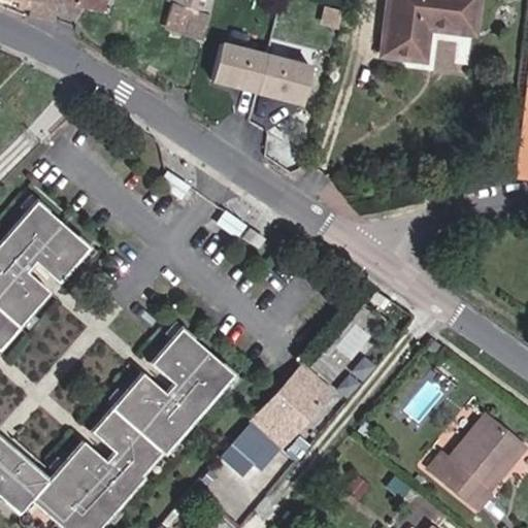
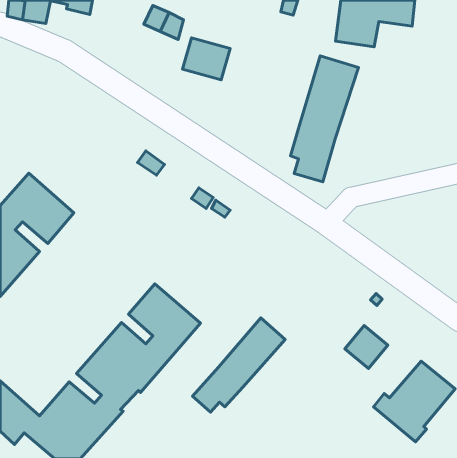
building: [257,57,311,106] -> none
building: none -> [290,56,358,182]
building: none -> [345,326,388,369]

